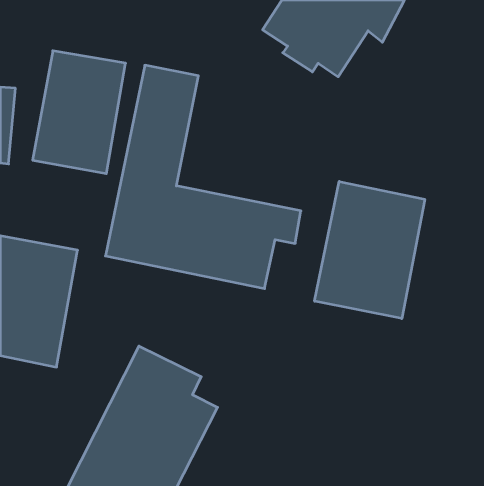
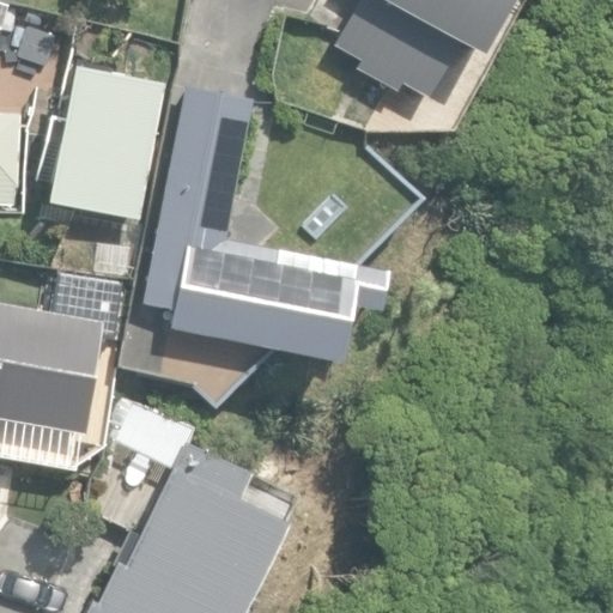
building: [315,181,425,319] -> none

